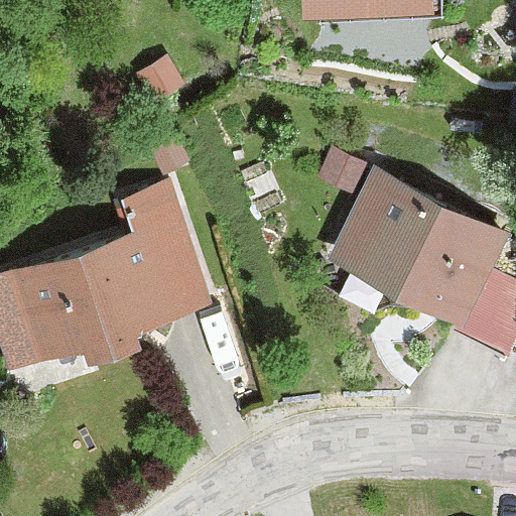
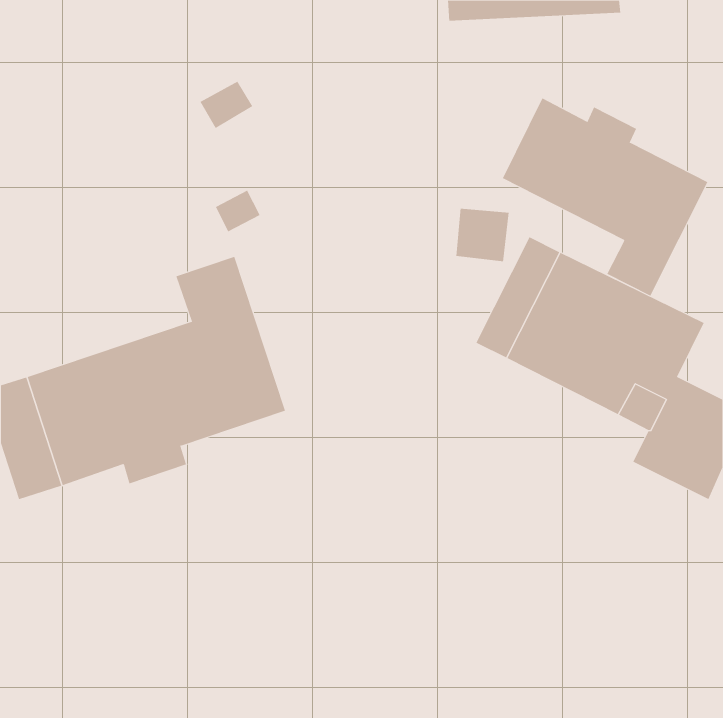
building: none -> [502,98,708,296]

